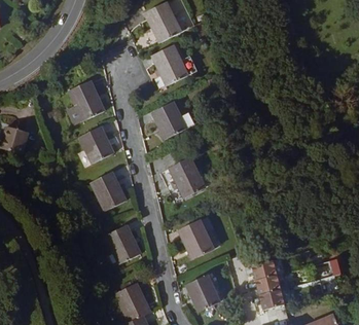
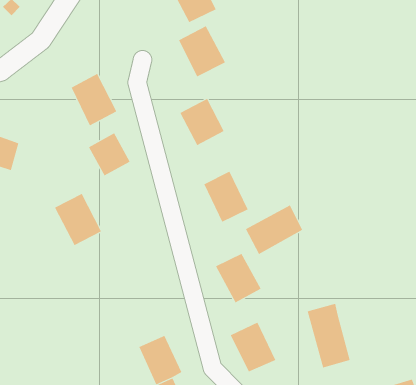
building: [92,170,129,211] -> [54,193,102,246]
building: none -> [245,204,303,255]
building: [106,224,142,263] -> none

